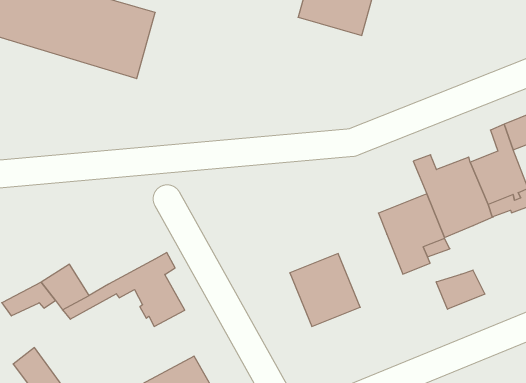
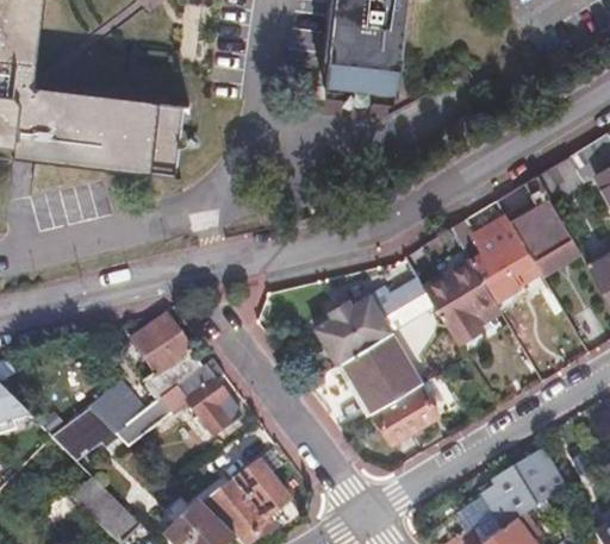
building: none -> [315,273,436,362]
building: none -> [136,314,204,399]
building: [436,270,485,309] -> none
building: none -> [374,382,438,439]

